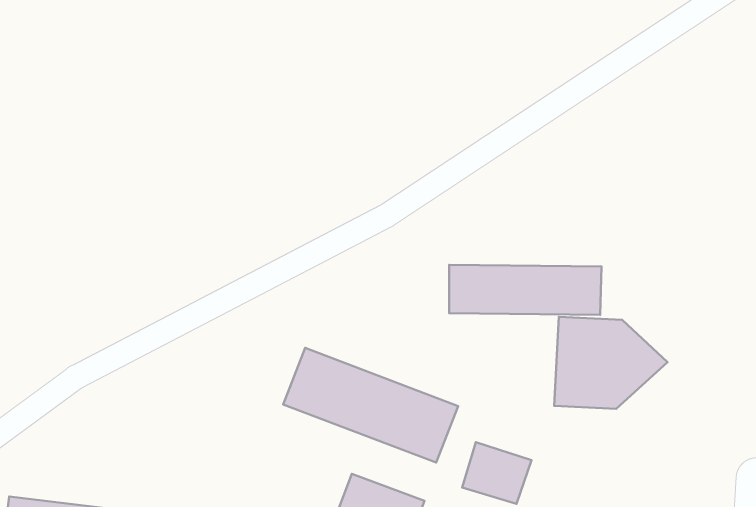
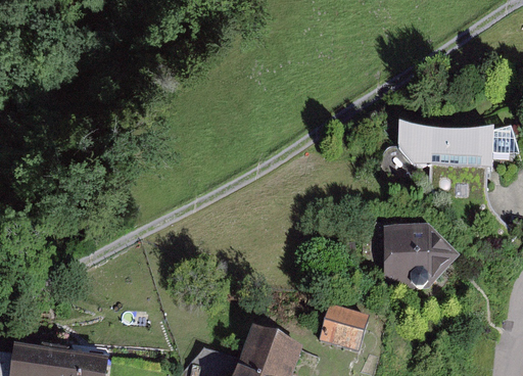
building: [449,265,602,315] -> [401,124,505,157]
building: [283,348,458,463] -> none

